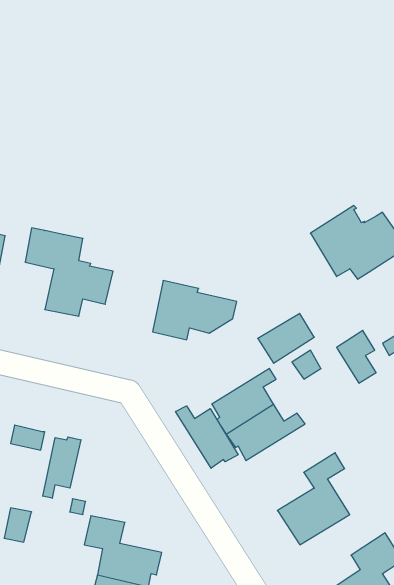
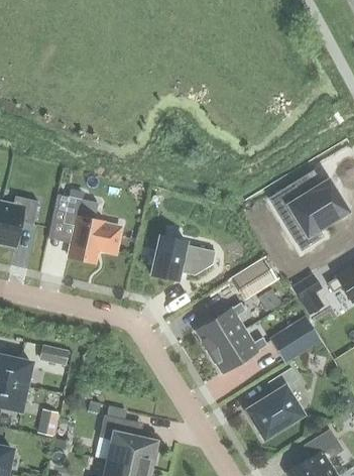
building: none -> [276,318,320,361]
building: [176,406,238,468] -> none
building: [43,437,81,498] -> none

